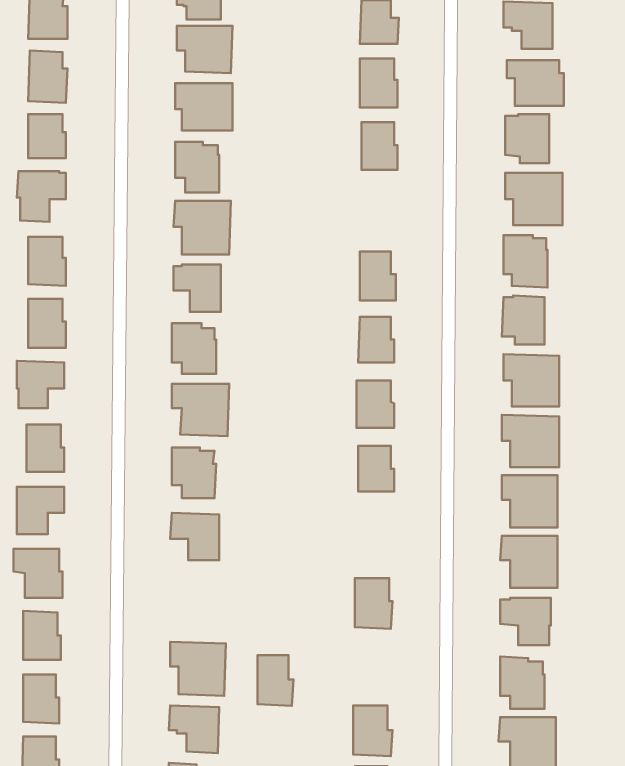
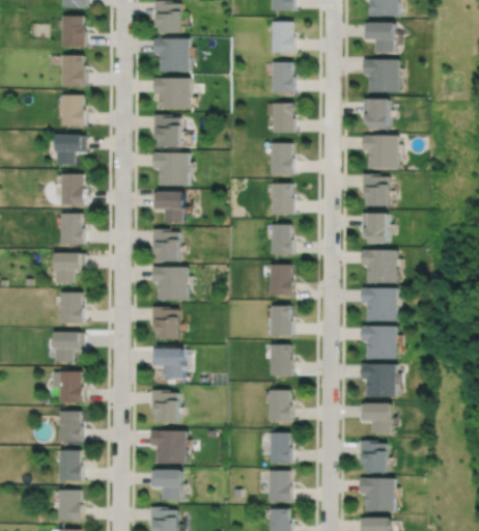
building: none -> [271,142,295,173]
building: none -> [270,345,293,376]
building: none -> [151,391,179,424]
building: [257,655,293,706] -> [270,434,292,466]

